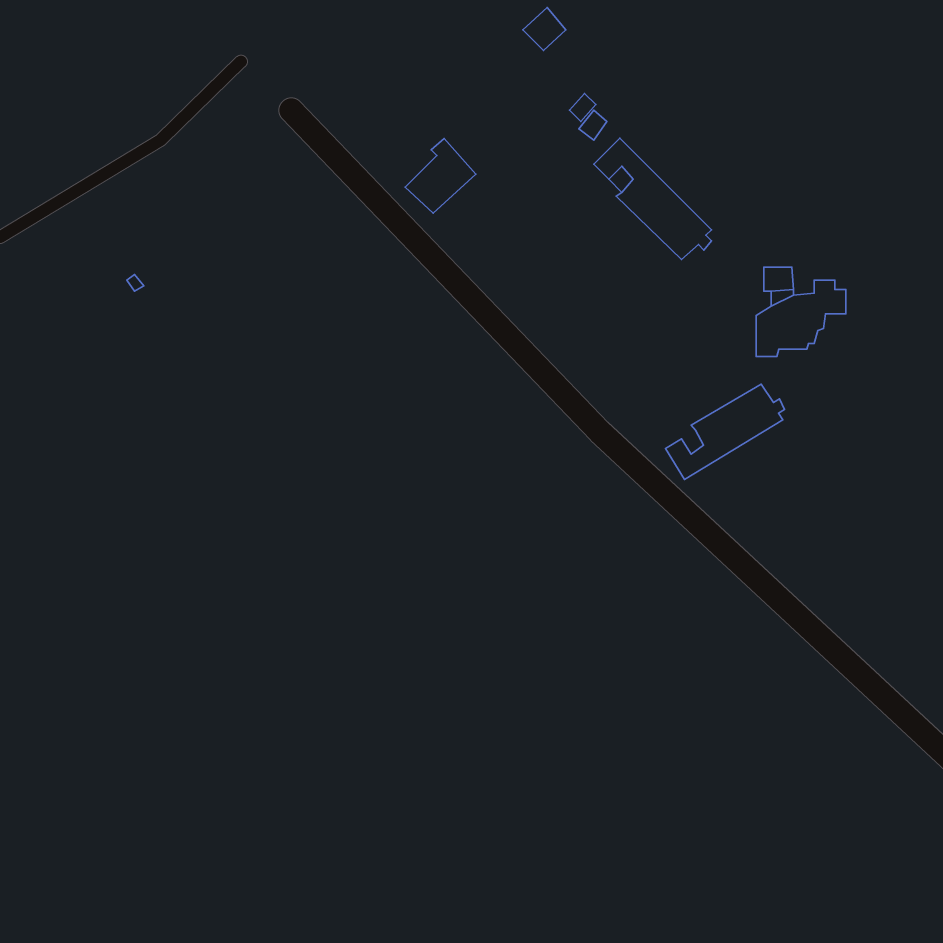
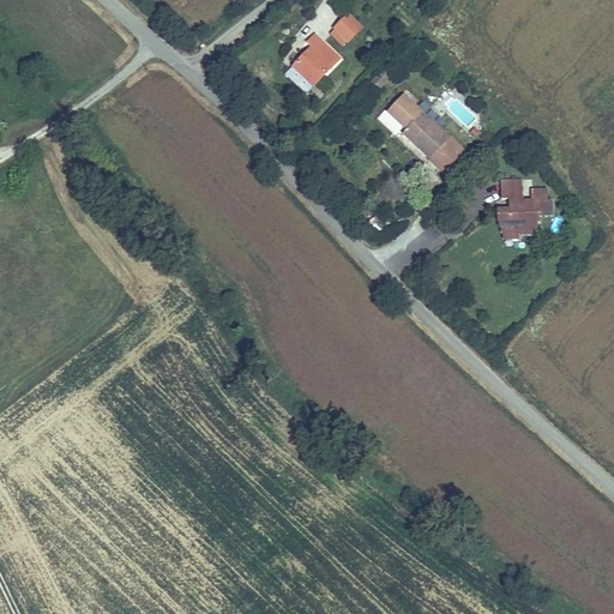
building: [405,139,476,213] -> [296,34,342,82]
building: [666,384,785,480] -> none

